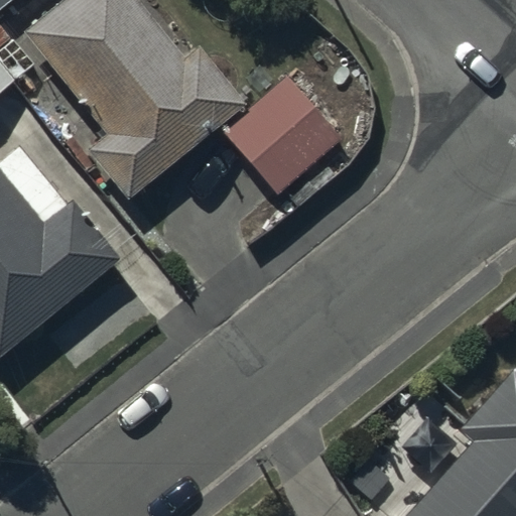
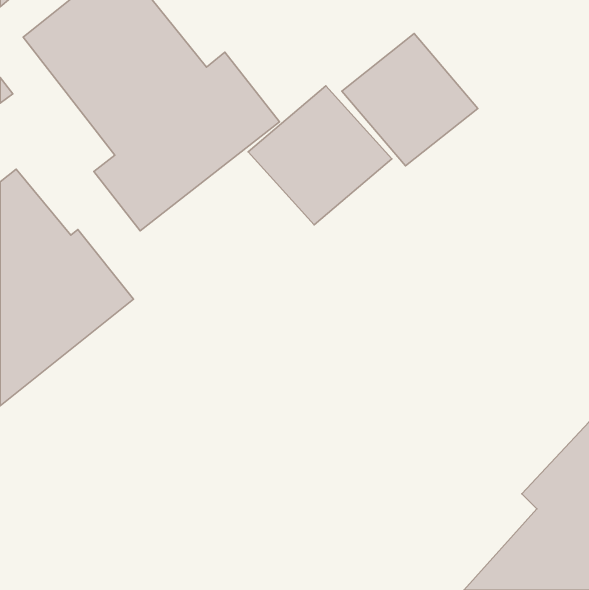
building: none -> [342,34,478,166]

